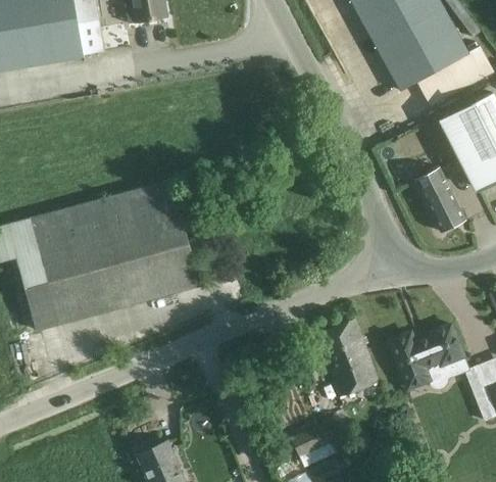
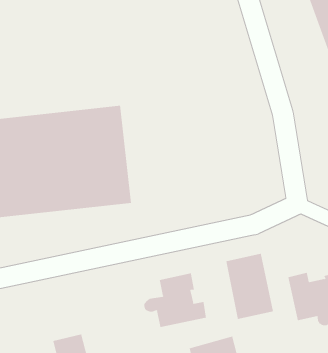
building: none -> [144,272,206,328]

